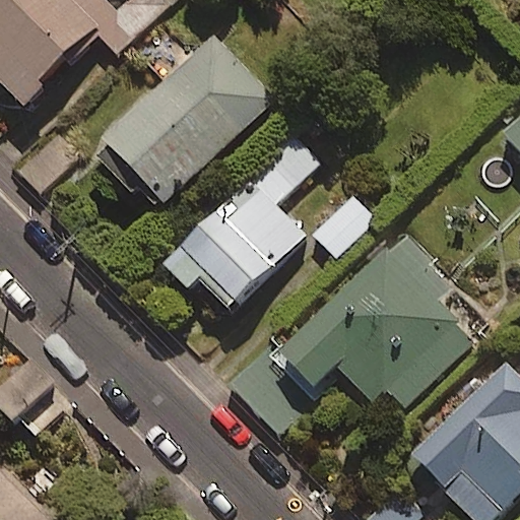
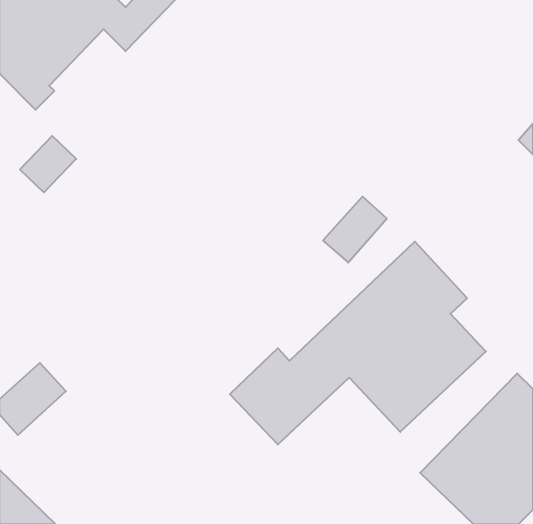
building: [98,38,272,209] -> none
building: [172,125,320,312] -> none

